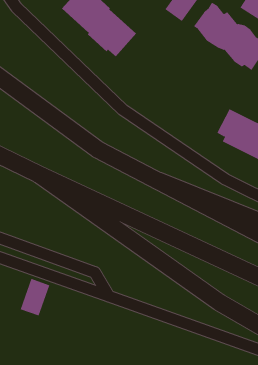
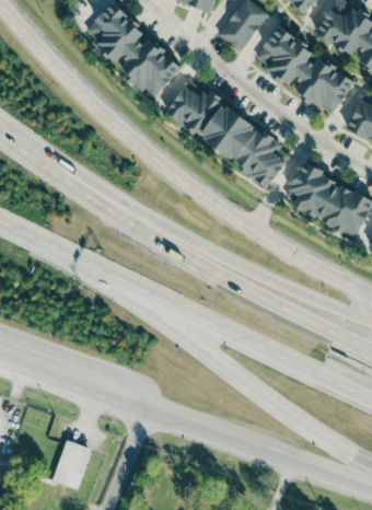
building: none -> [165,80,292,185]
building: [20,278,50,316] -> [51,440,91,489]

